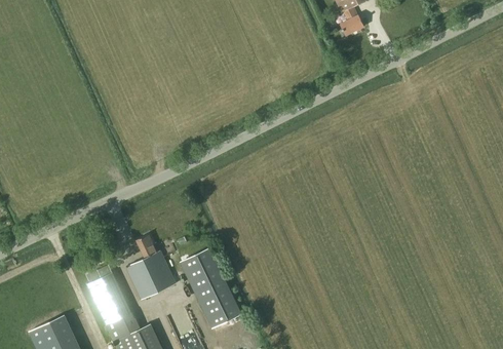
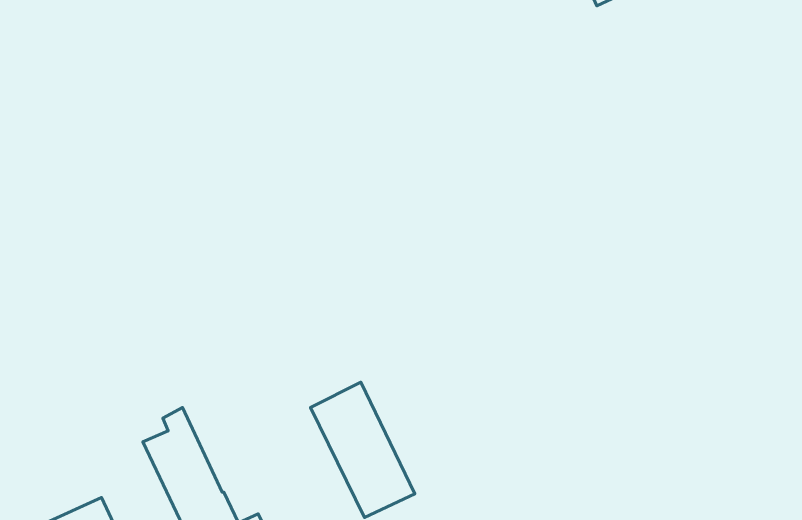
building: [125,235,176,301] -> none

